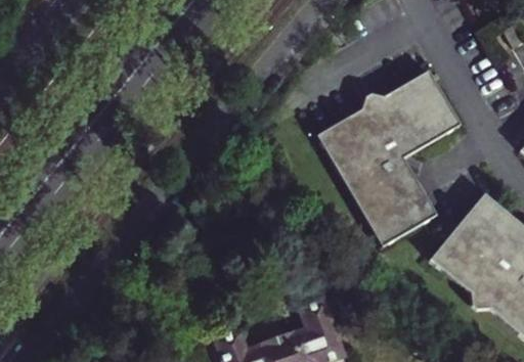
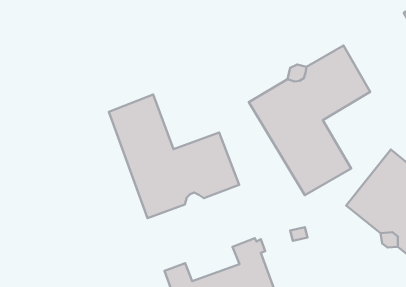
building: none -> [109,95,239,218]

